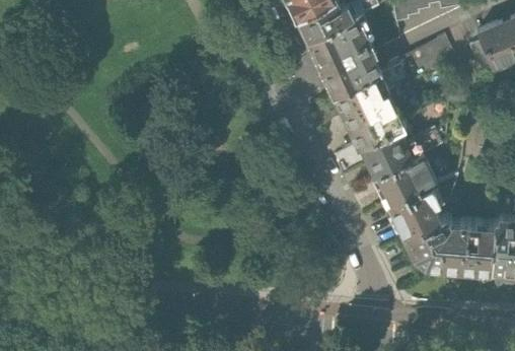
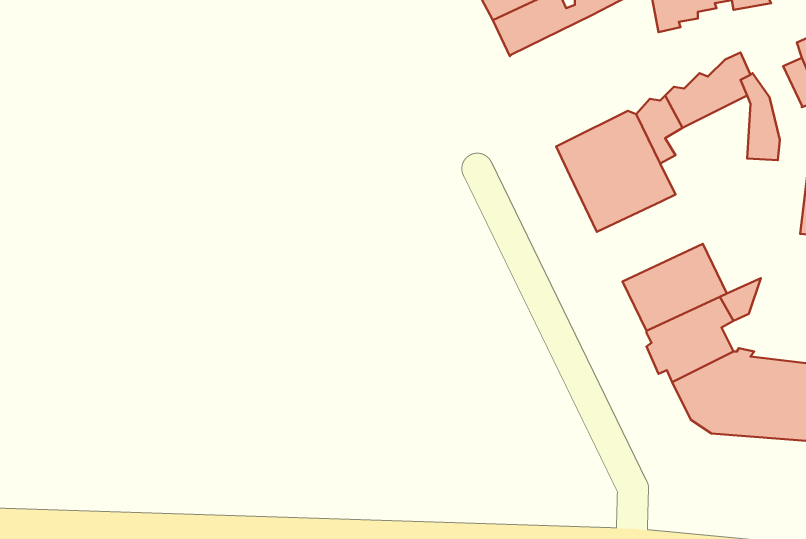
building: [309,18,381,93] -> none
building: [360,129,443,177] -> none

